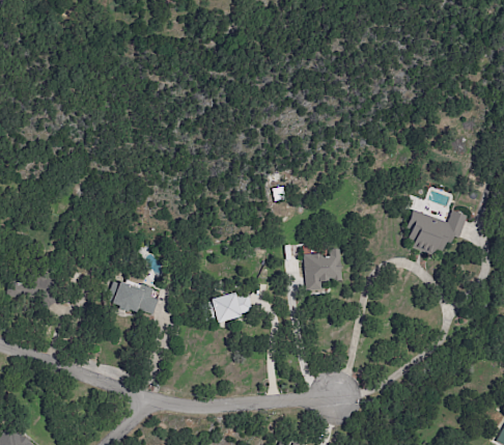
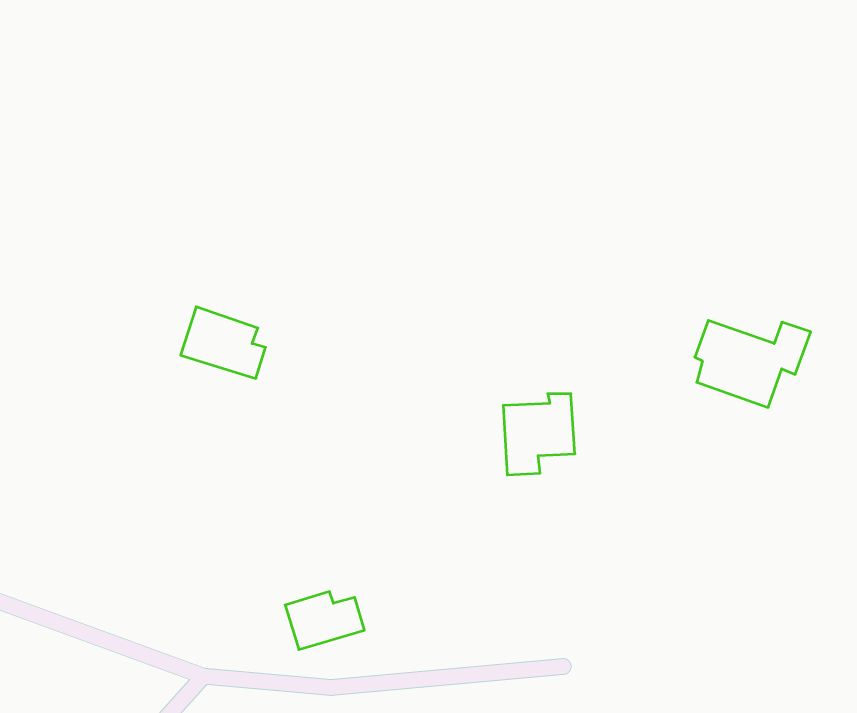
building: [112,278,158,316] -> [181,307,266,378]
building: [211,291,253,323] -> [285,592,364,650]

